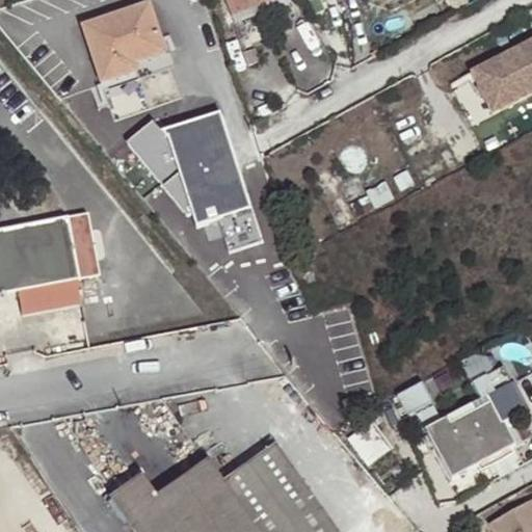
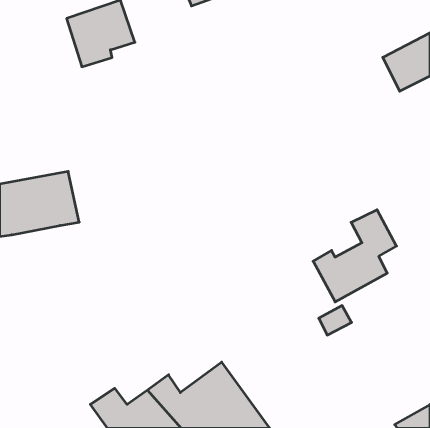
building: [126,114,262,249] -> none
building: [15,277,78,314] -> none
building: [423,365,526,478] -> [313,210,397,302]

